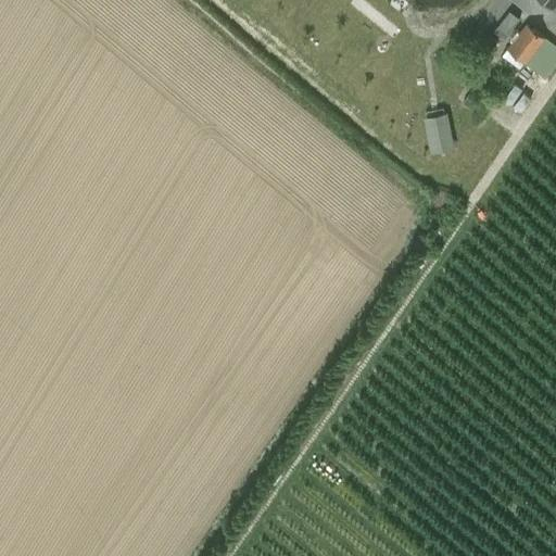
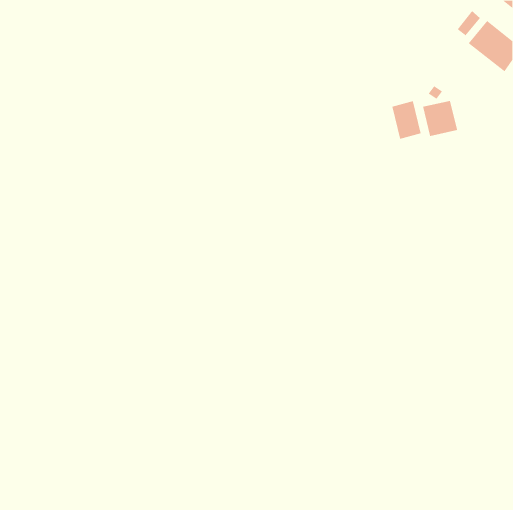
building: none -> [423,100,458,137]

